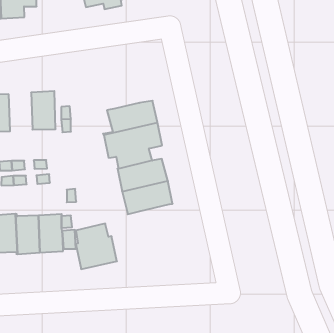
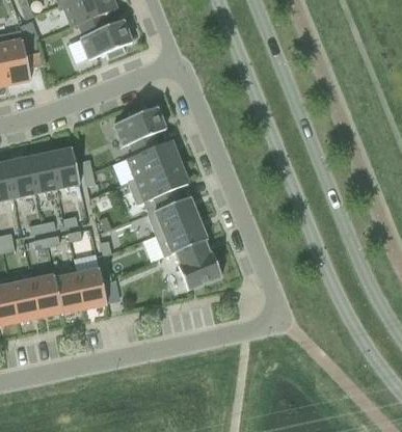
building: none -> [113,104,165,154]
building: none -> [27,152,56,193]
building: [76,224,117,269] -> [176,240,221,289]

